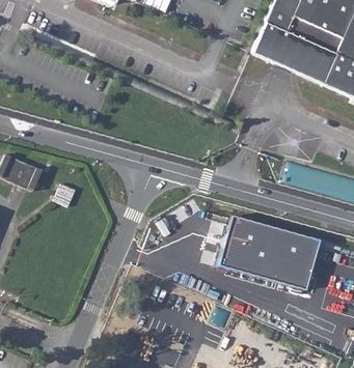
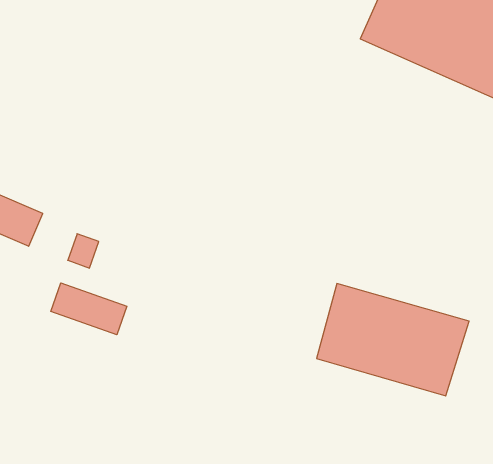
building: none -> [51,283,127,335]

